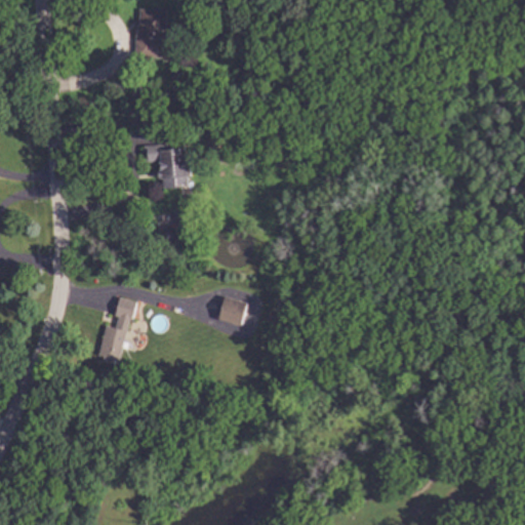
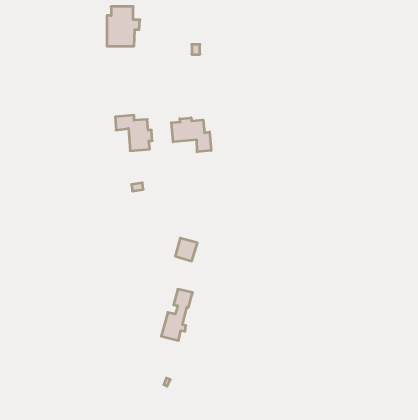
building: none -> [171,118,211,152]
building: [97,297,136,361] -> [161,289,193,340]

